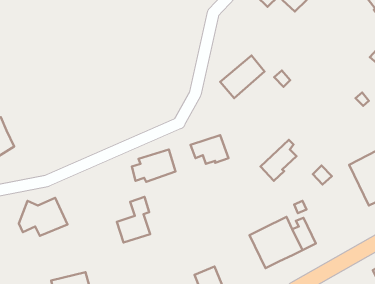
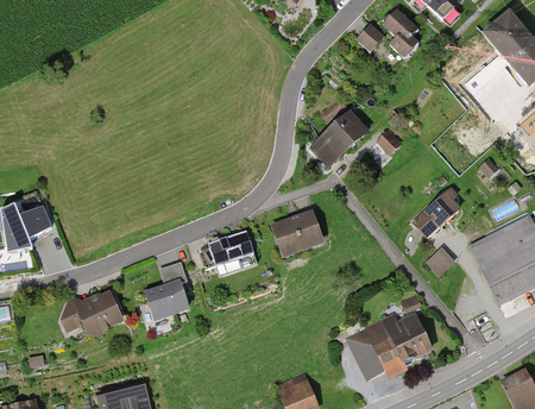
building: [260,140,296,181] -> [414,188,459,239]
building: [117,197,150,243] -> [146,260,188,317]

